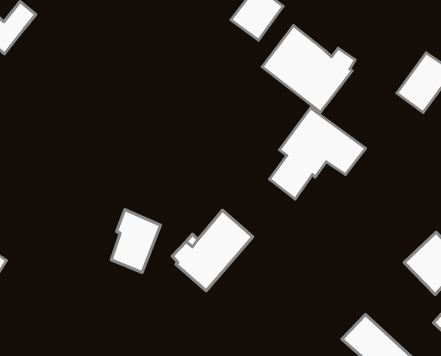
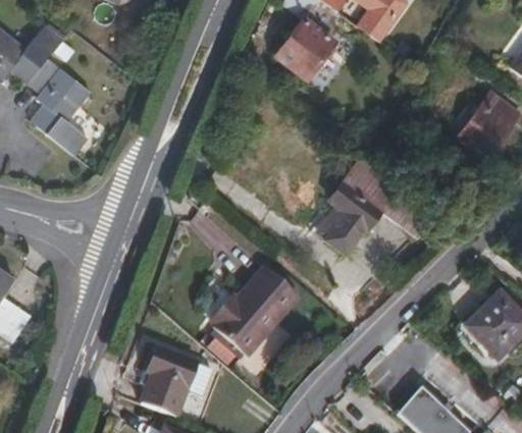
building: [262,26,355,112] -> none
building: none -> [22,65,86,164]
building: [111,209,161,273] -> [143,345,198,416]

